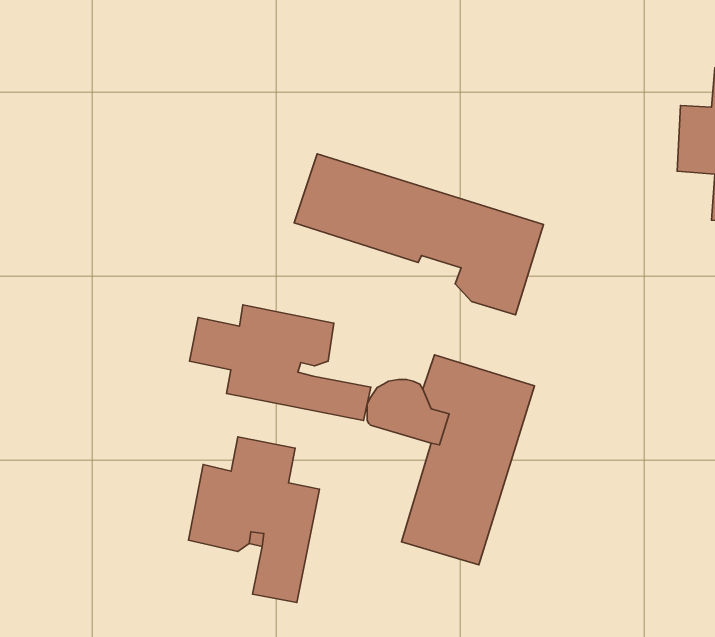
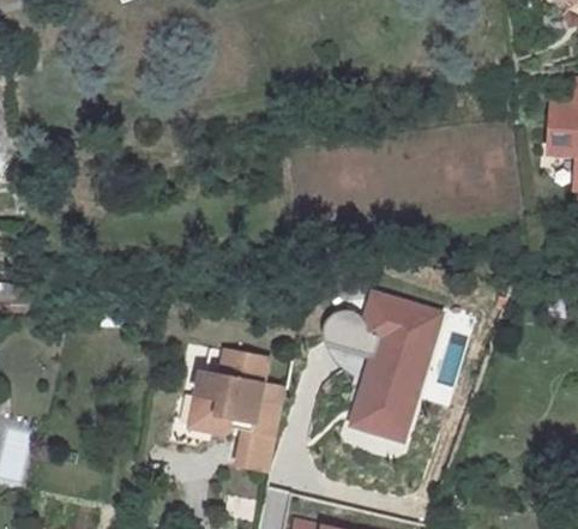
building: [294,154,544,315] -> none
building: [189,305,371,421] -> none

